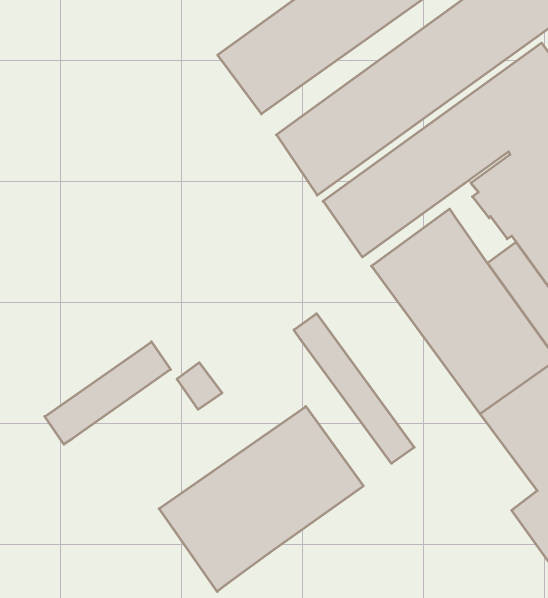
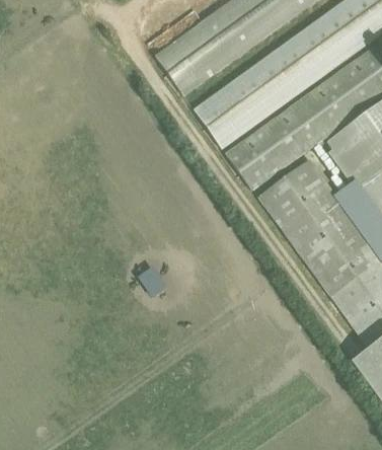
building: [294,314,414,463] -> none
building: [45,342,171,444] -> none
building: [159,406,363,592] -> none

